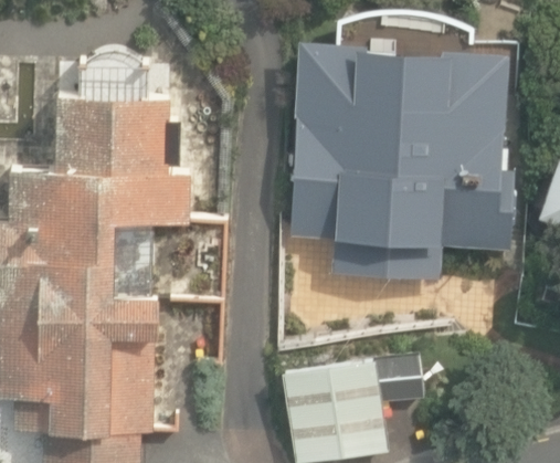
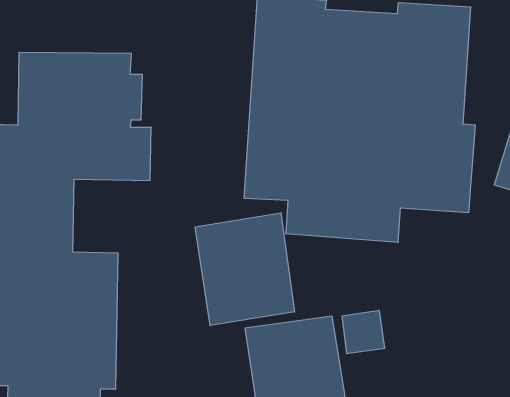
building: none -> [195,213,295,326]

